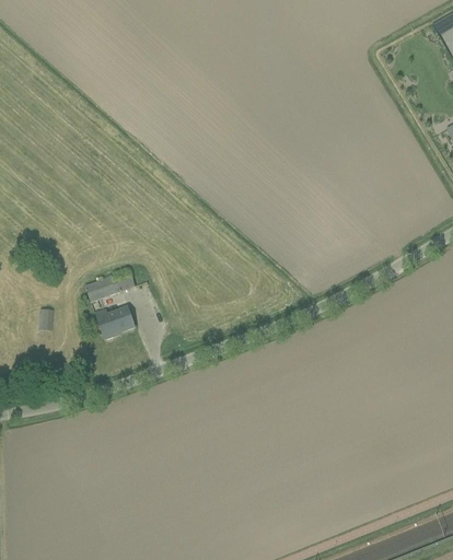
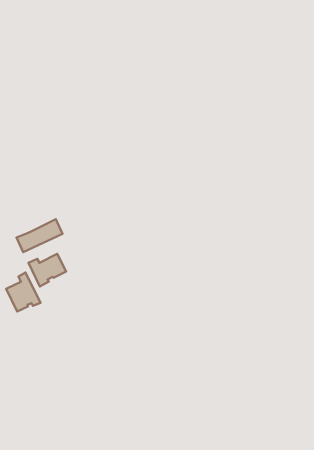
building: none -> [6,273,40,312]

